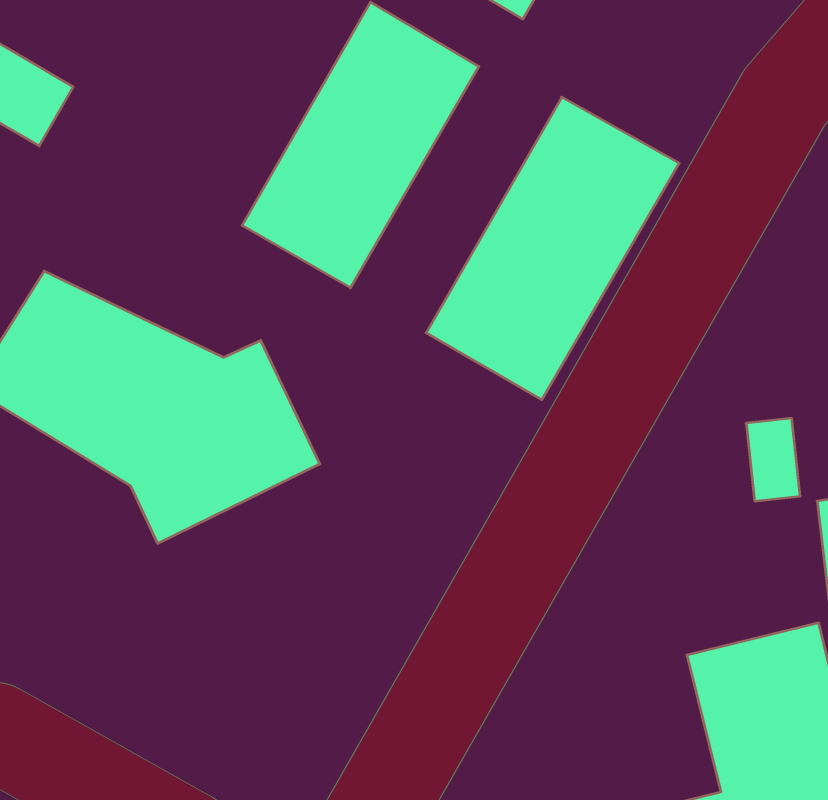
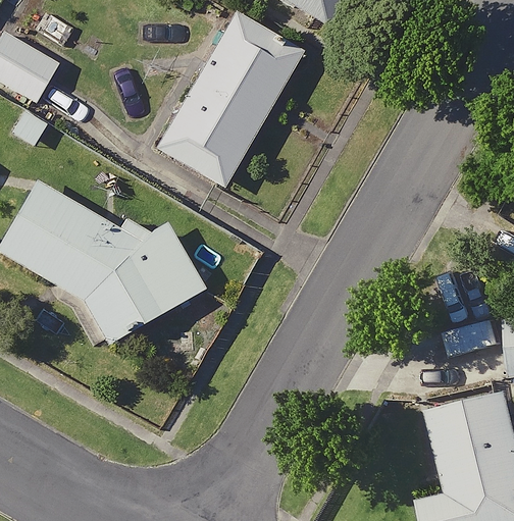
building: [426,97,679,400] -> none

